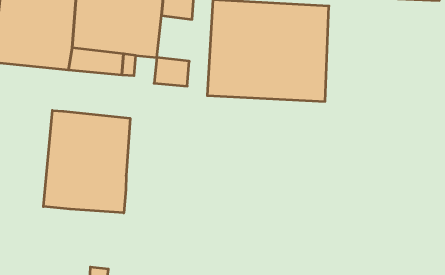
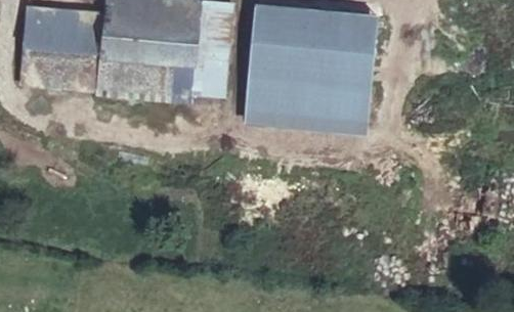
building: none -> [195,33,232,82]
building: [43,110,130,213] -> none

